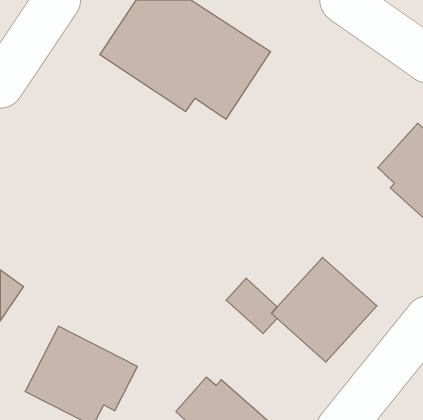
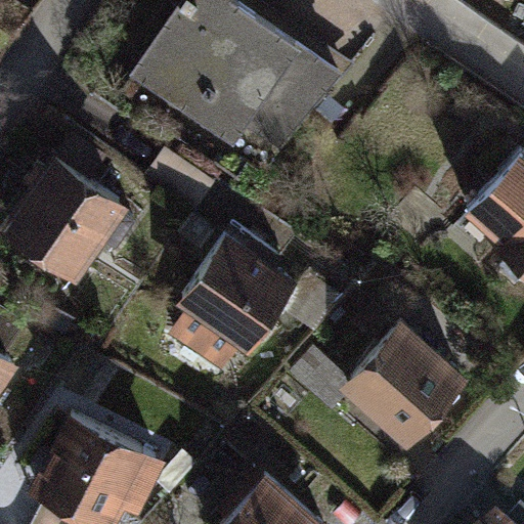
building: none -> [14,151,145,281]
building: none -> [164,235,295,376]

